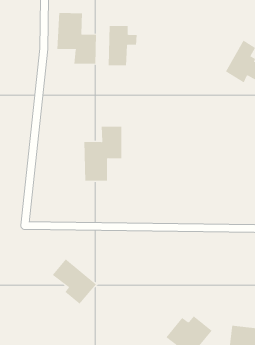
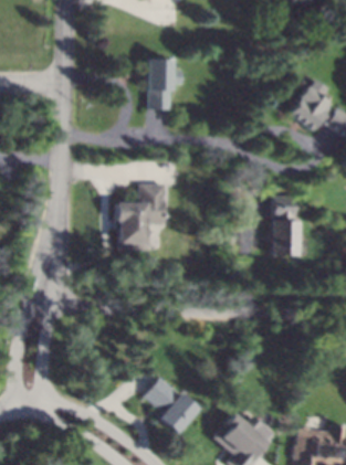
building: [57,12,97,65] -> none
building: none -> [273,197,308,256]
building: [52,258,97,304] -> [145,378,200,434]

